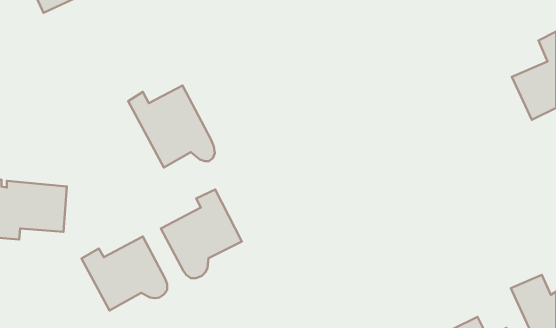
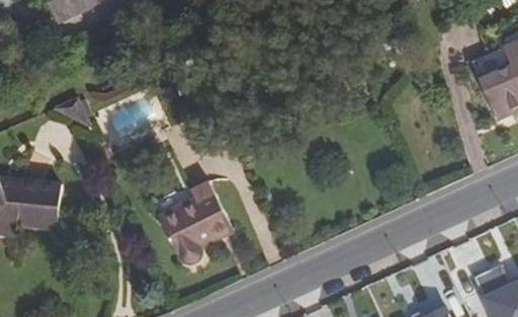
building: [128,86,215,168] -> none
building: [81,237,167,310] -> none

